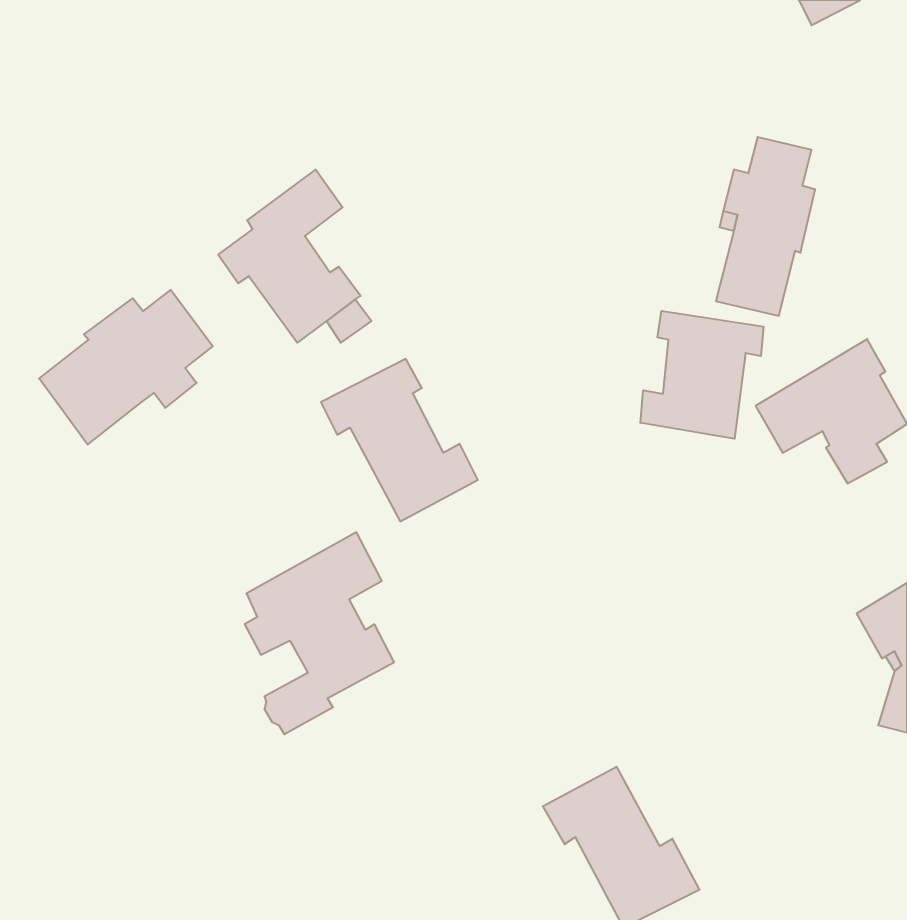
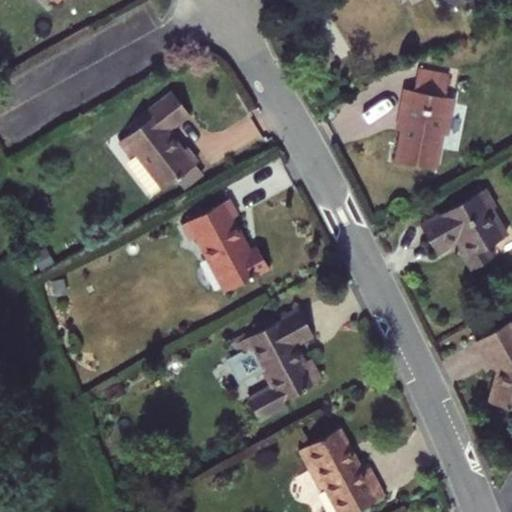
building: [39,290,213,445] -> none
building: [640,311,763,439] -> none
building: [245,532,394,734] -> [240,310,323,422]

